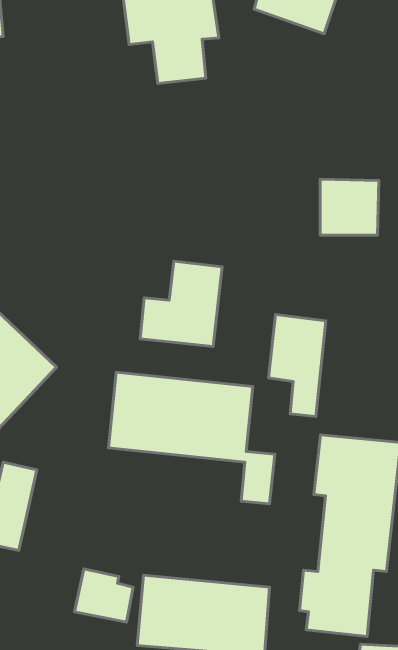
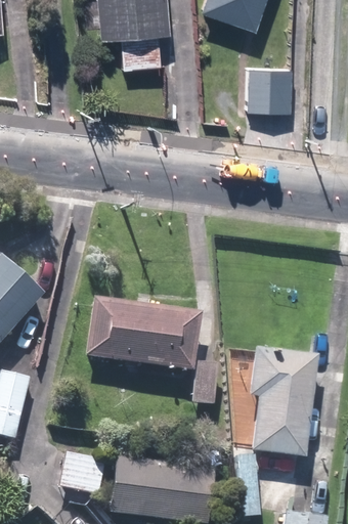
building: [320,179,379,235] -> [246,67,292,111]
building: [140,261,222,347] -> none
building: [269,315,326,416] -> none

